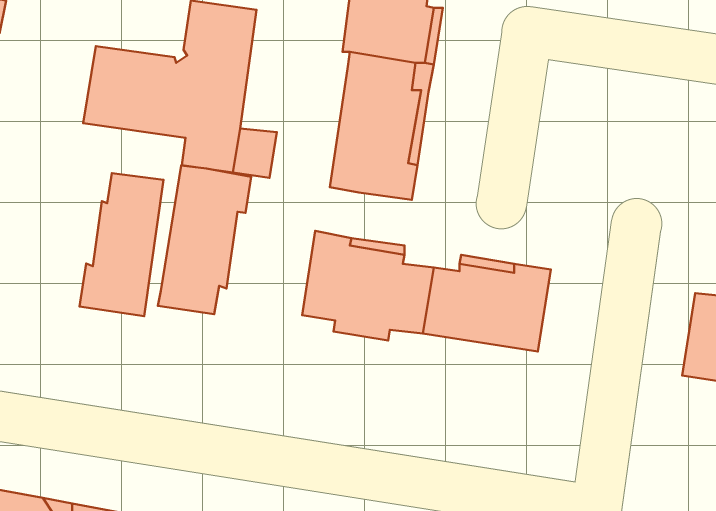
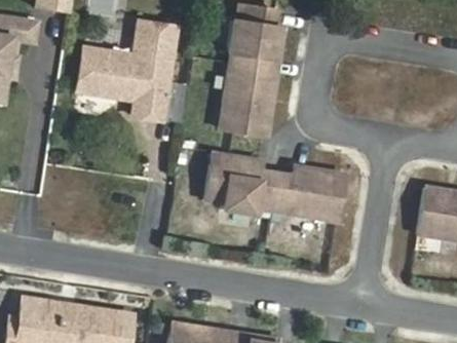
building: [158,166,251,314] -> none
building: [80,173,164,316] -> none

